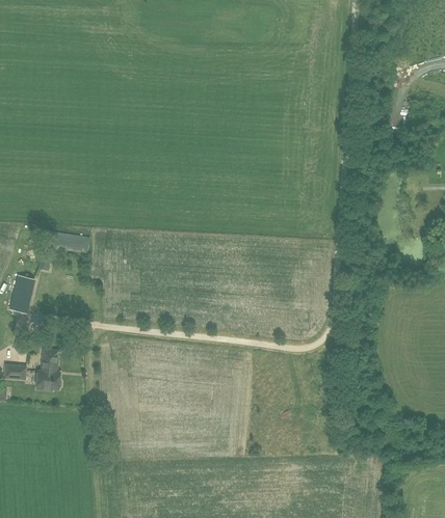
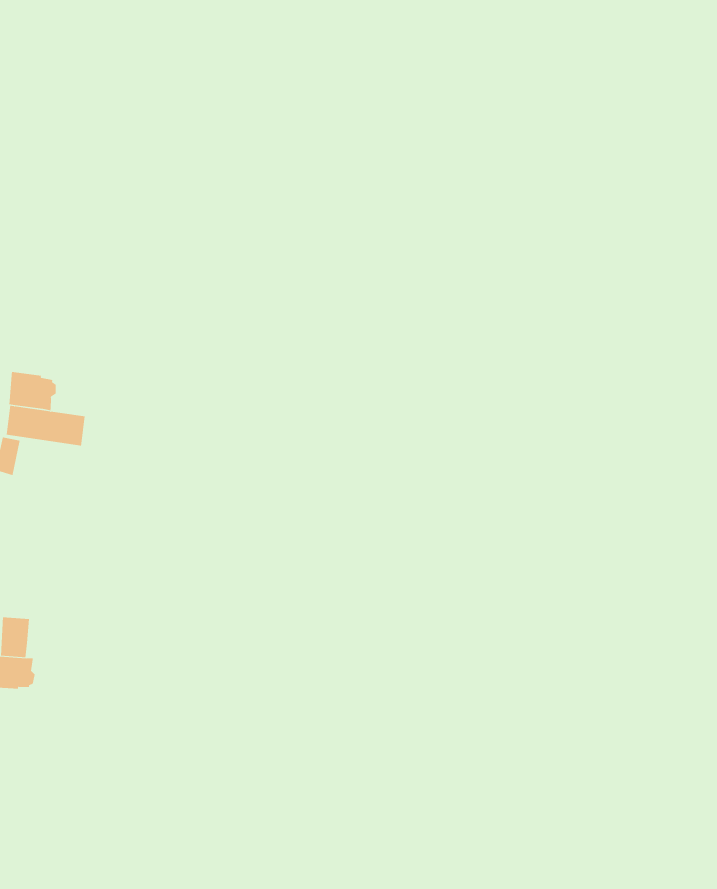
building: none -> [9,371,56,411]

